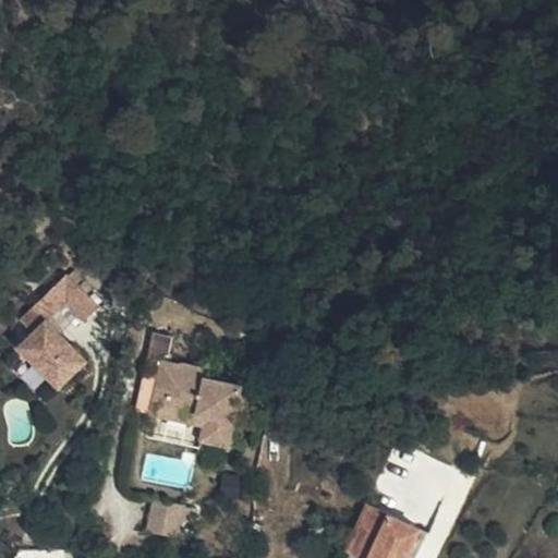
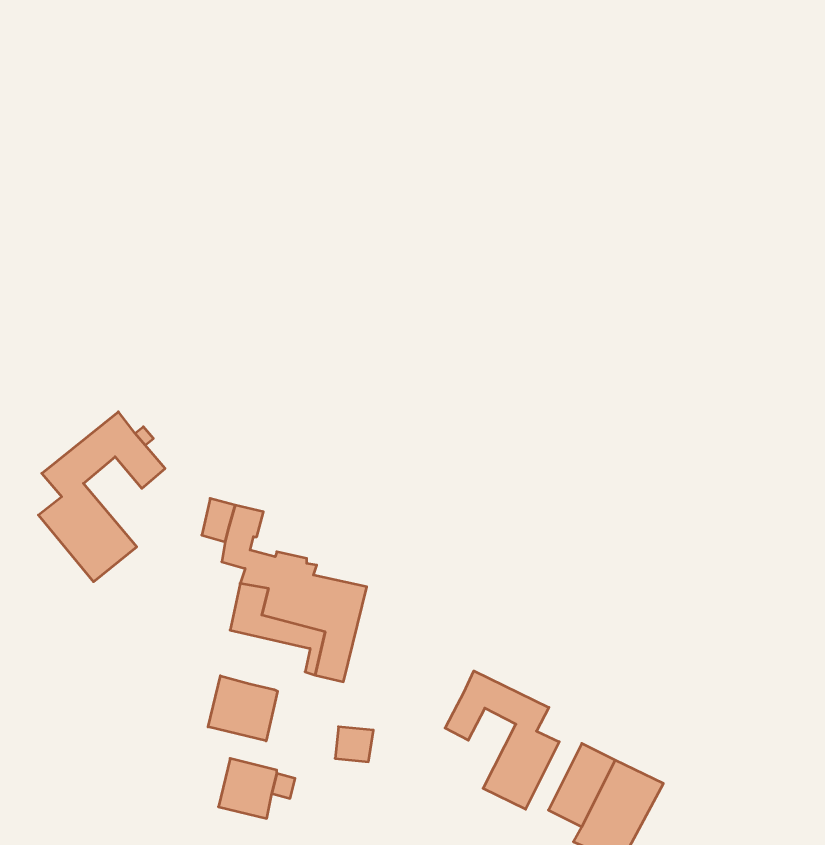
building: none -> [445,671,559,809]
building: none -> [208,676,278,741]

